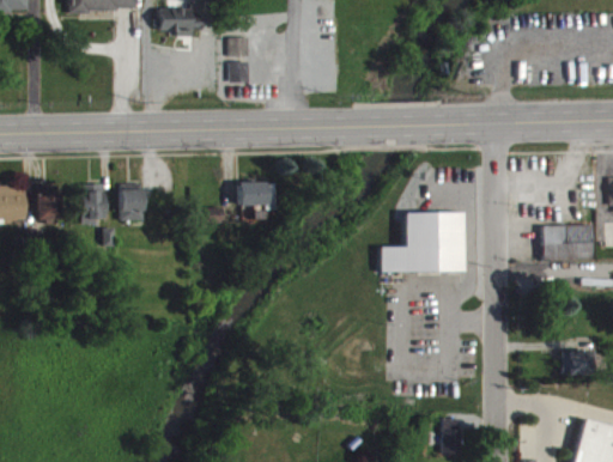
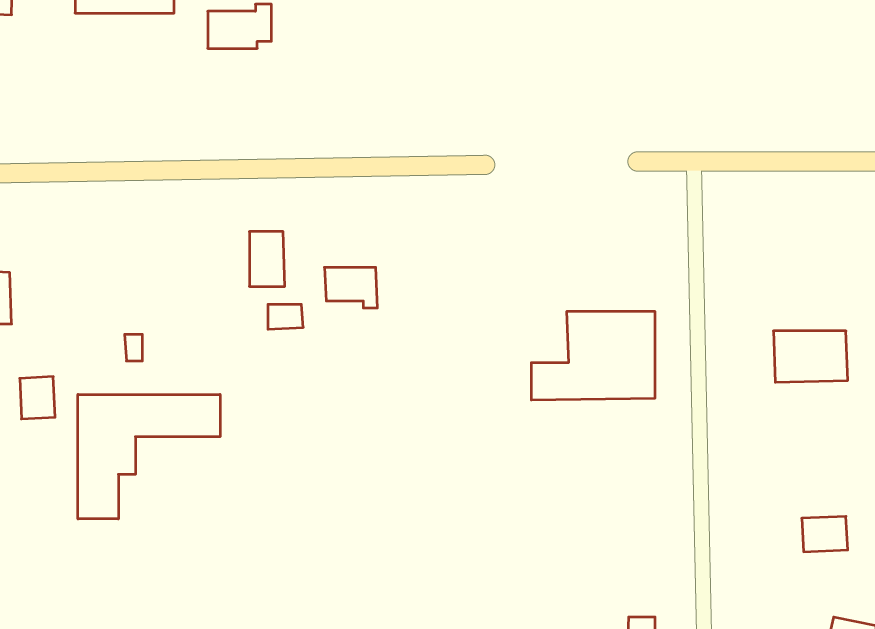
building: [81,183,105,223] -> none
building: [121,183,145,220] -> [249,232,285,286]
building: [36,192,60,220] -> [20,377,55,419]
building: none -> [78,394,220,519]

